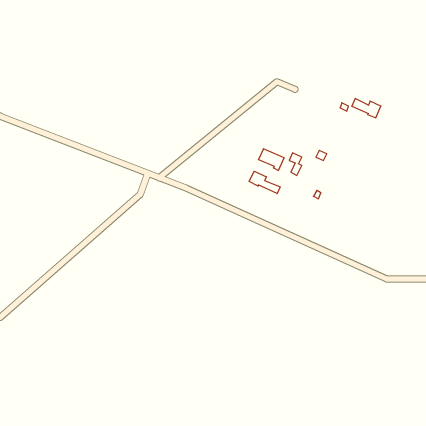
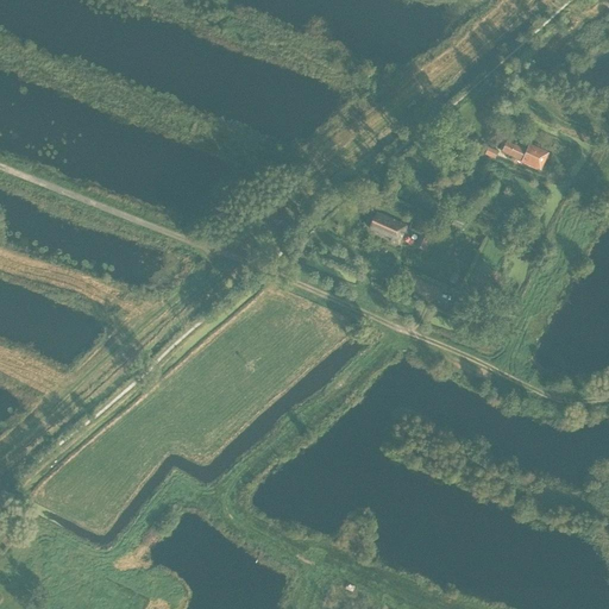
building: [249,171,280,194] -> none

